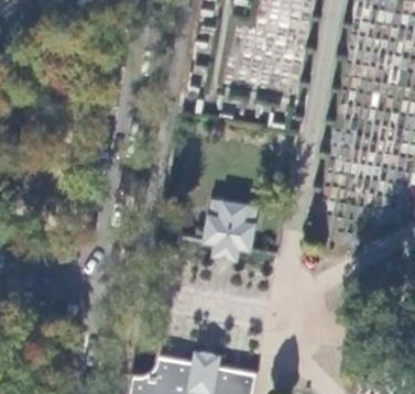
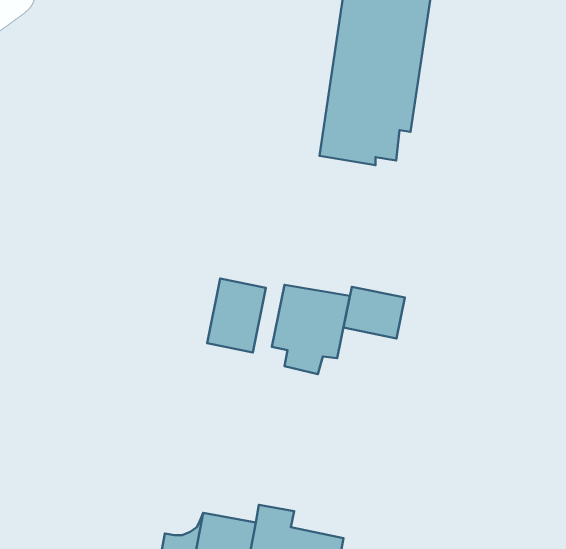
building: none -> [207,279,266,352]
building: none -> [344,287,405,338]

